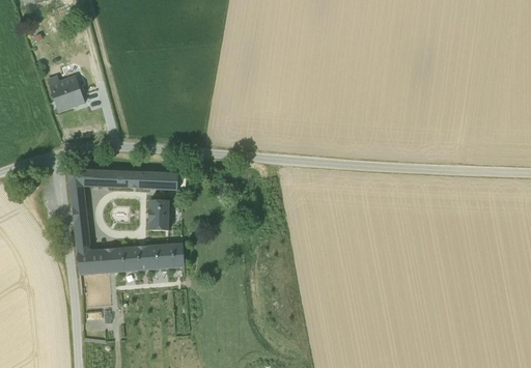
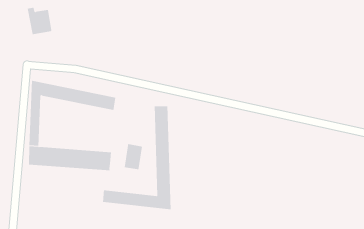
building: none -> [103,105,171,210]
building: [149,199,169,230] -> [124,143,143,170]

